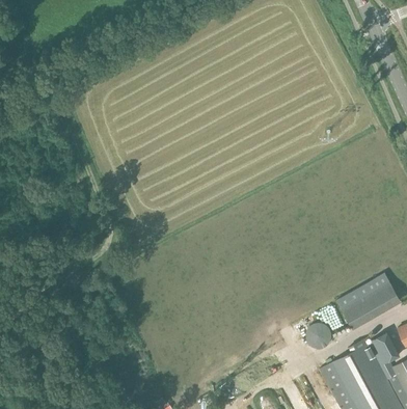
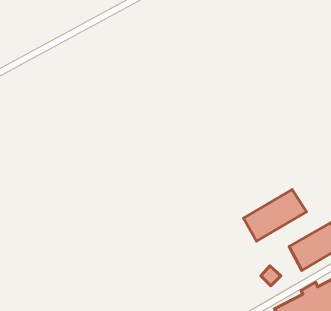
building: none -> [244,189,307,241]

